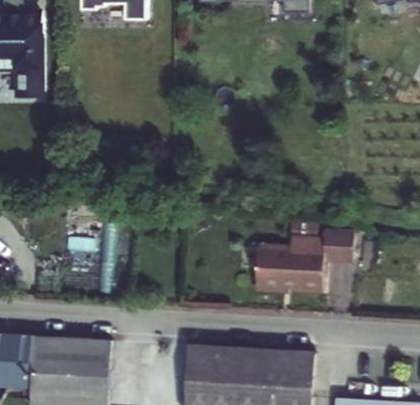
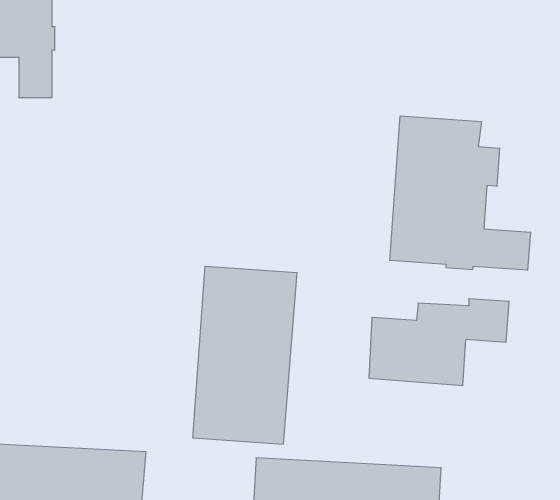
building: none -> [390,116,530,270]
building: none -> [193,266,297,444]

